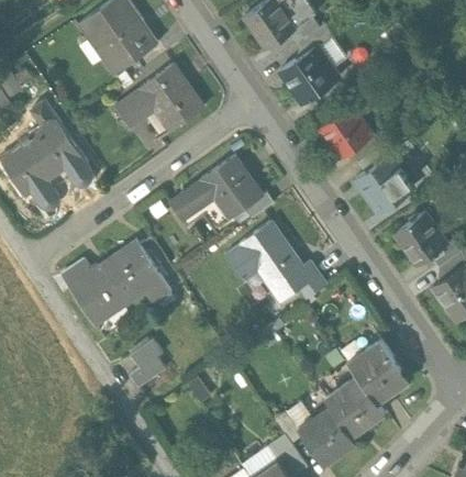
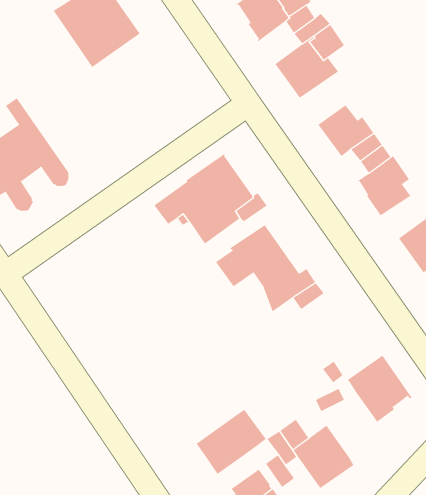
building: [116,65,203,132] -> none
building: [64,242,171,326] -> none
building: [130,340,166,389] -> none
building: [326,378,382,436] -> none
building: none -> [196,409,266,475]

